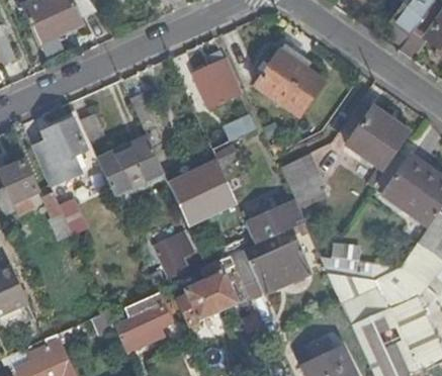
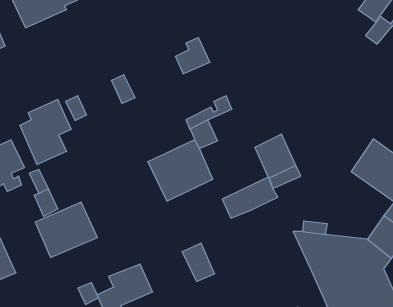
building: [255,44,323,116] -> none
building: [348,107,410,170] -> none
building: [98,136,164,195] -> [35,202,97,258]
building: [154,232,193,278] -> none
building: [231,236,312,297] -> none
building: [177,279,219,324] -> none

